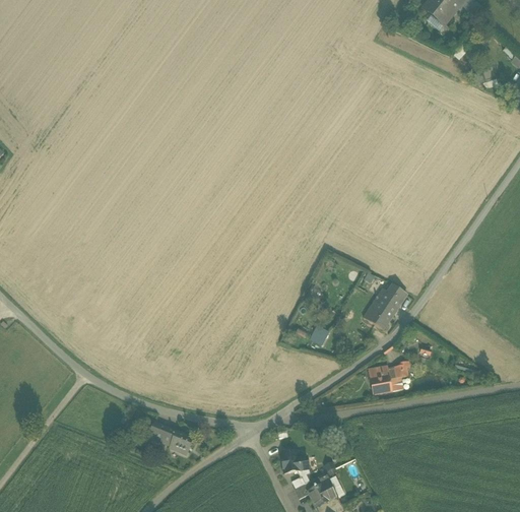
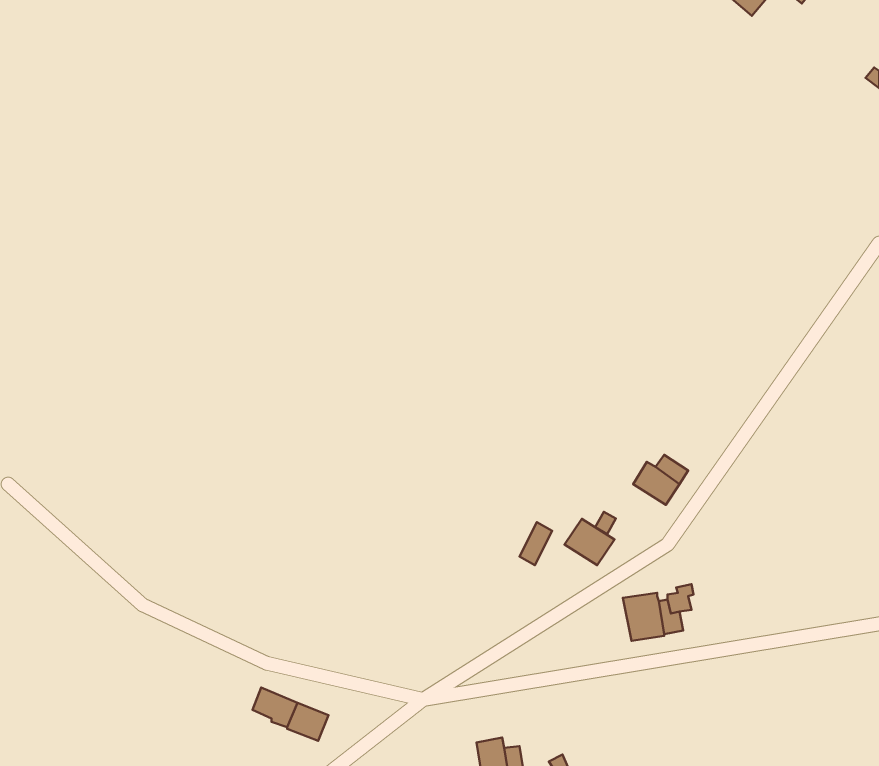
building: [364,302,393,329] -> [564,519,614,565]

